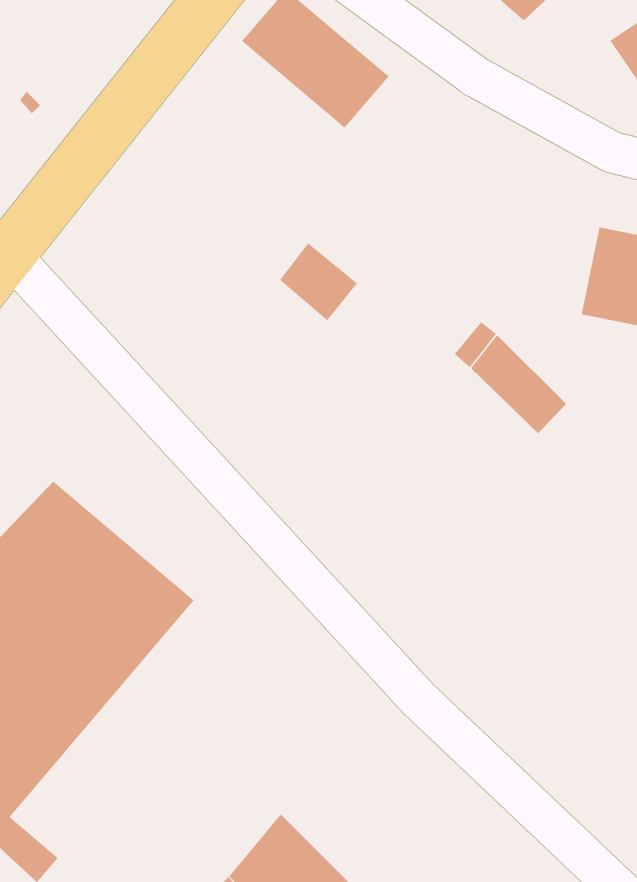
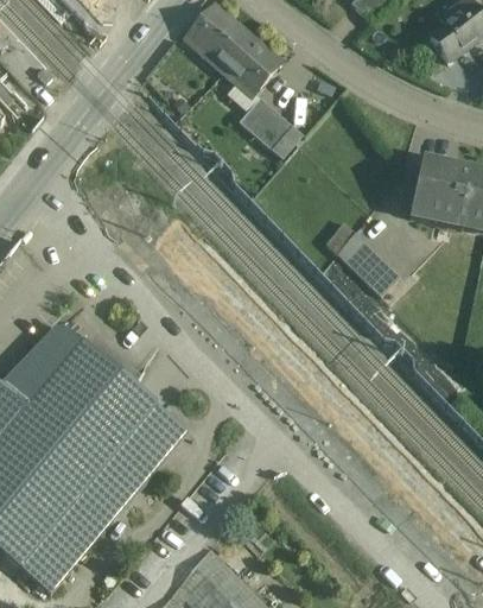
building: [279,242,358,321] -> [241,96,293,148]
building: none -> [32,404,185,576]

